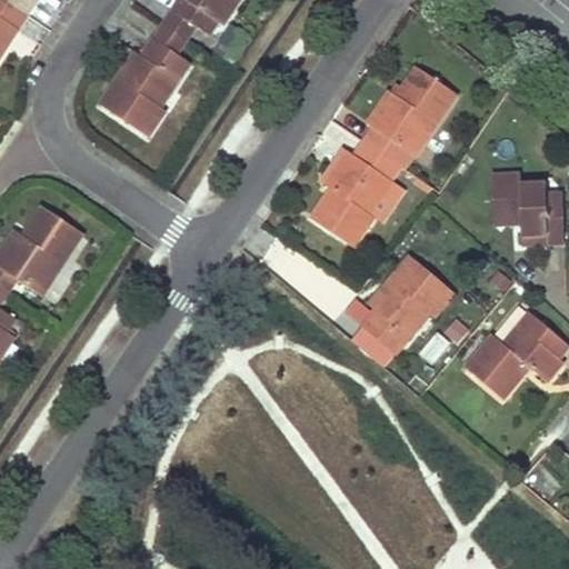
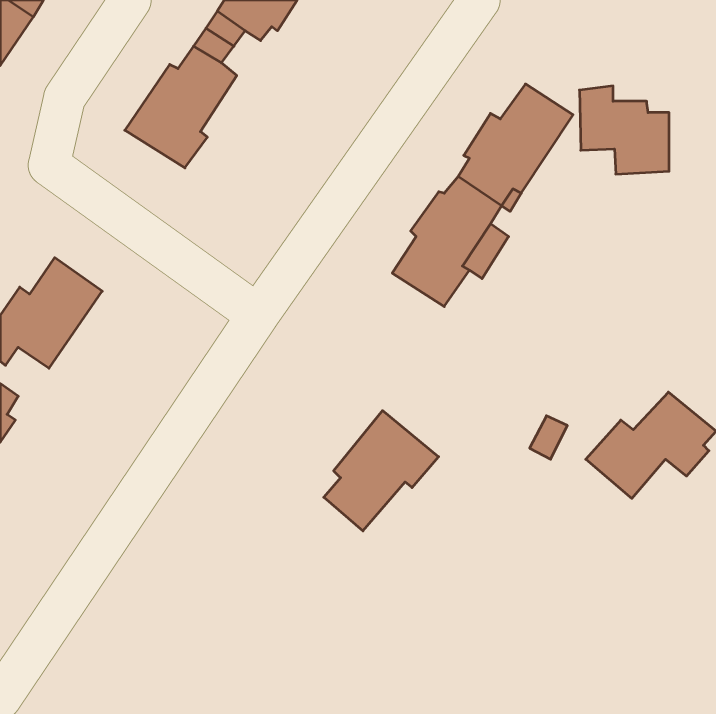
building: [490,172,561,242] -> [579,86,669,174]
building: [361,256,452,351] -> [324,411,439,531]

